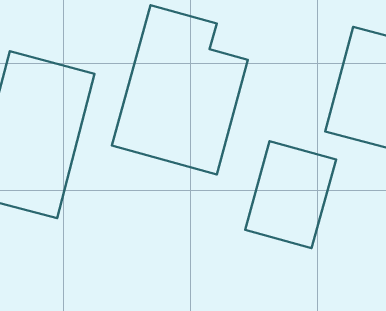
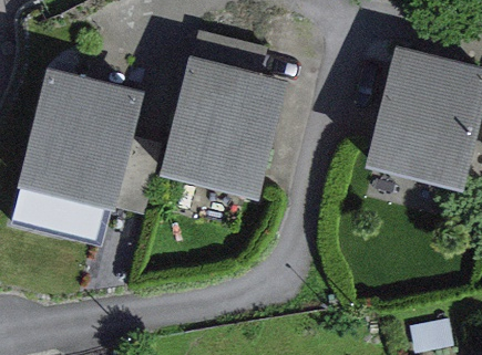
building: [245,141,336,248] -> none

